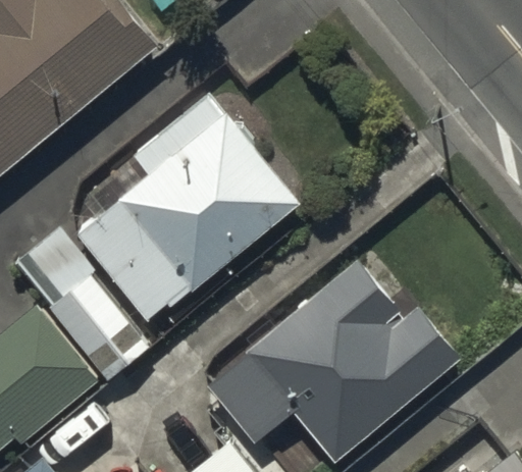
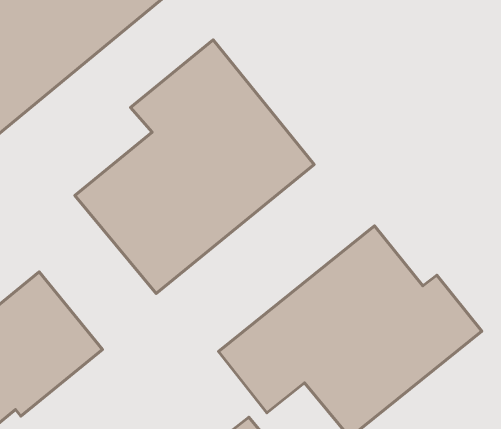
building: [14,225,151,380] -> none

